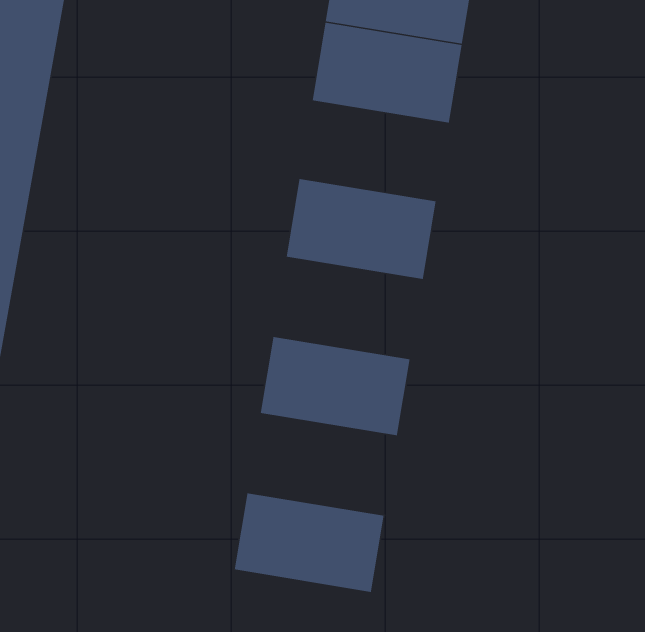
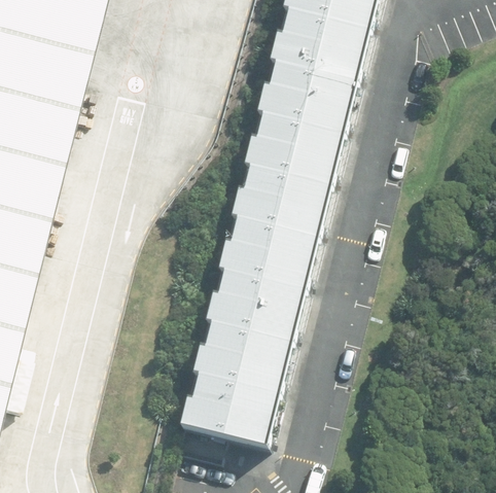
building: none -> [245,115,349,188]
building: none -> [220,219,324,293]
building: none -> [196,323,299,397]

